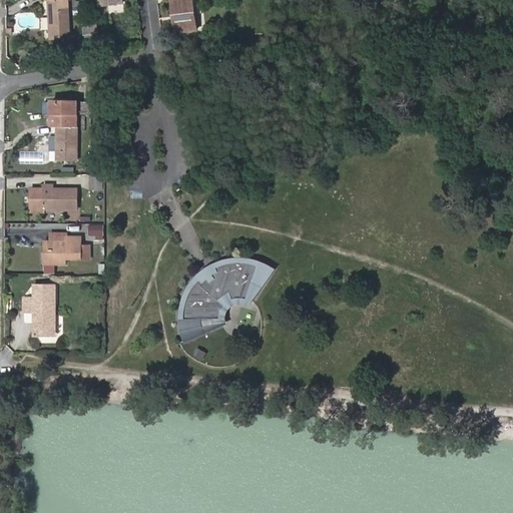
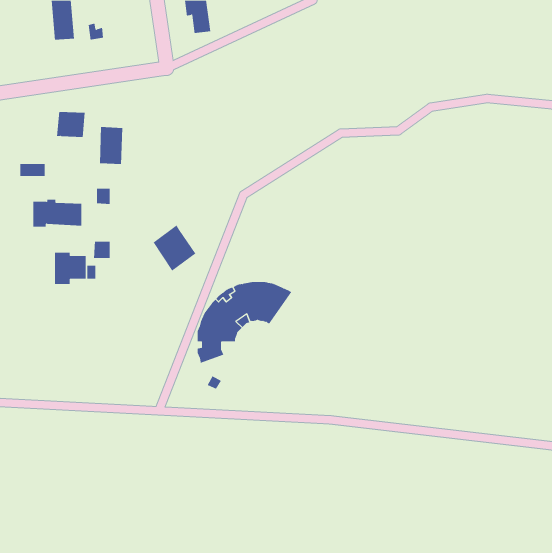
building: [55,126,77,161] -> [99,127,123,164]
building: none -> [153,225,196,271]
building: [22,284,54,336] -> none

